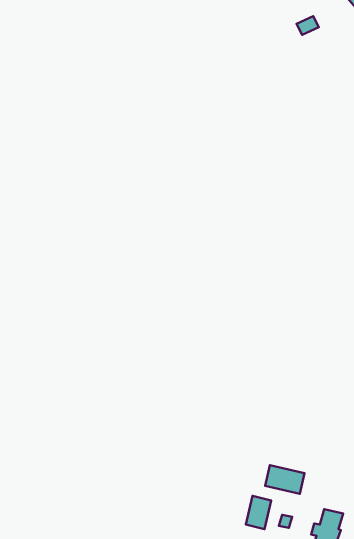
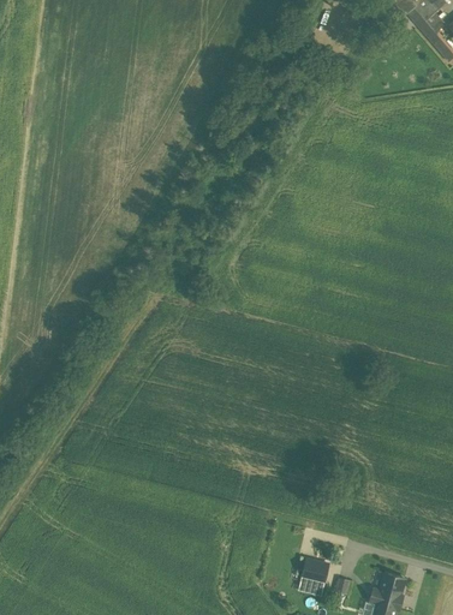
building: [265,465,305,494] -> none

